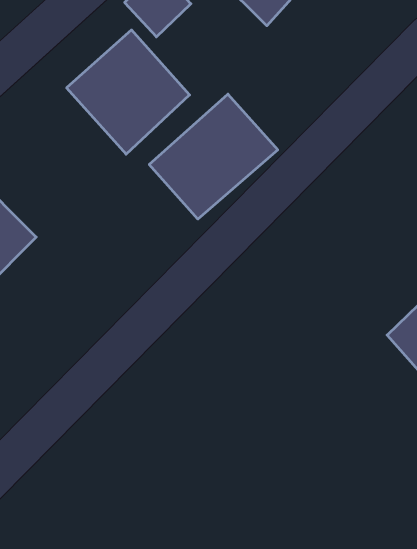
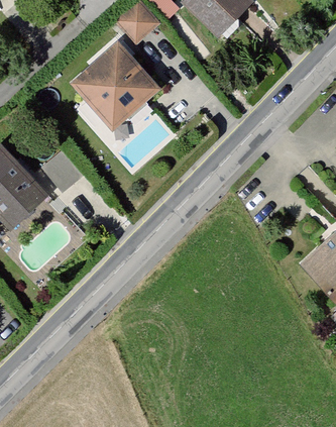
building: [149,94,278,219] -> none

